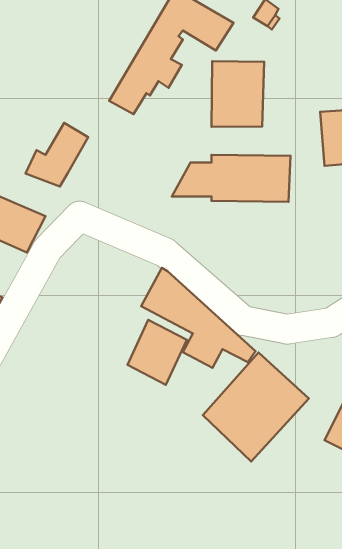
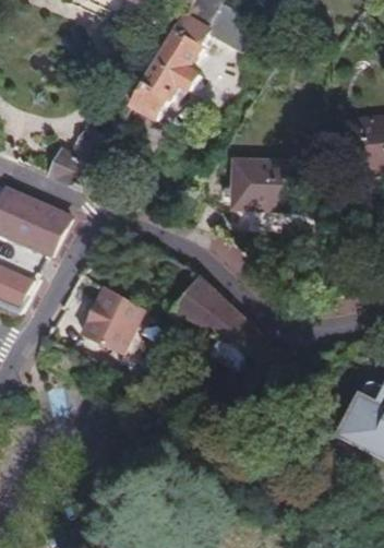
building: [211,61,264,127] -> none
building: [127,320,187,385] -> [83,288,142,353]
building: [203,353,309,461] -> none

